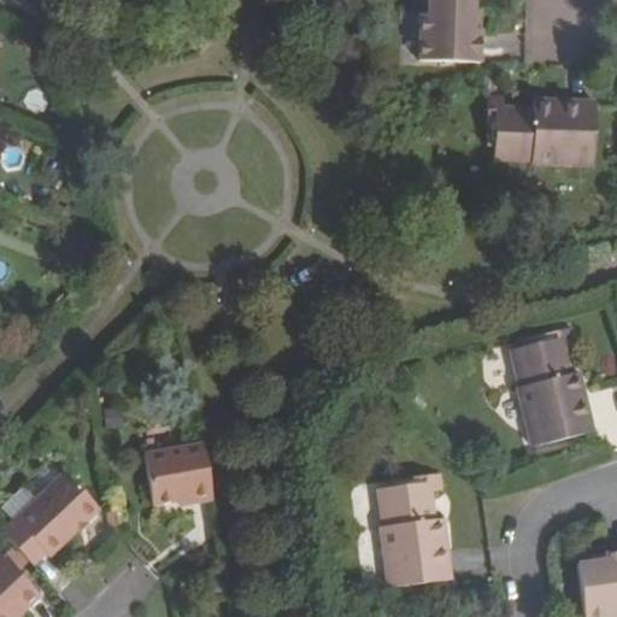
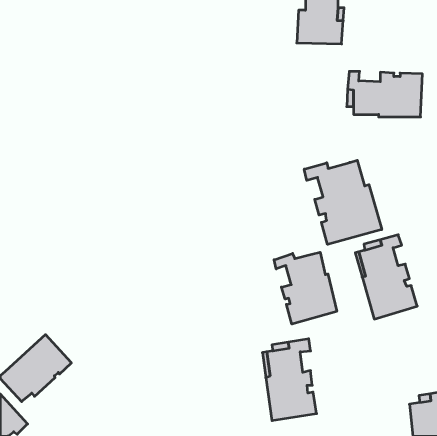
building: none -> [304,160,382,244]
building: none -> [274,252,337,324]
building: [147,442,217,501] -> none

